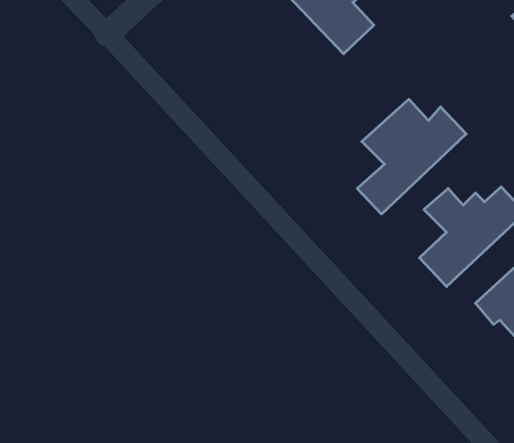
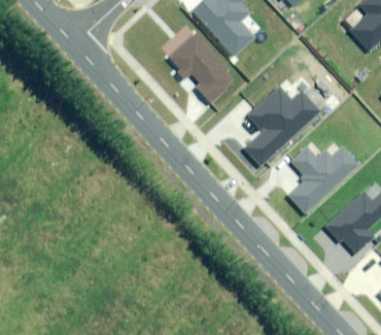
building: none -> [168,32,238,103]

